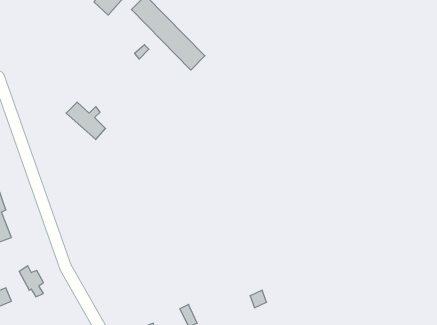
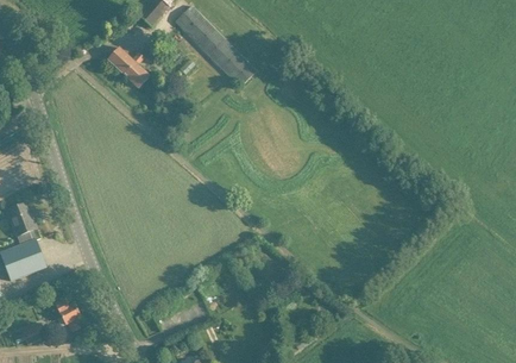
building: [66,102,106,140] -> [107,46,150,87]

